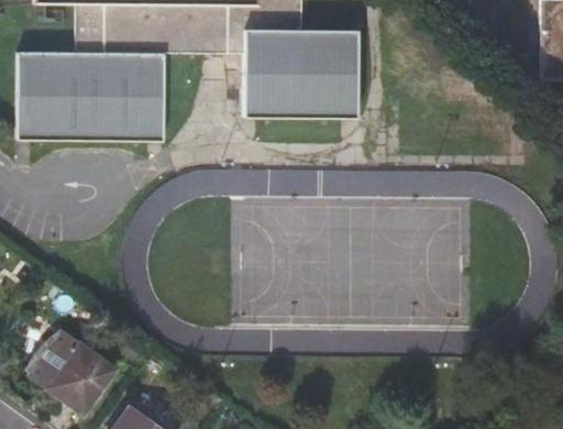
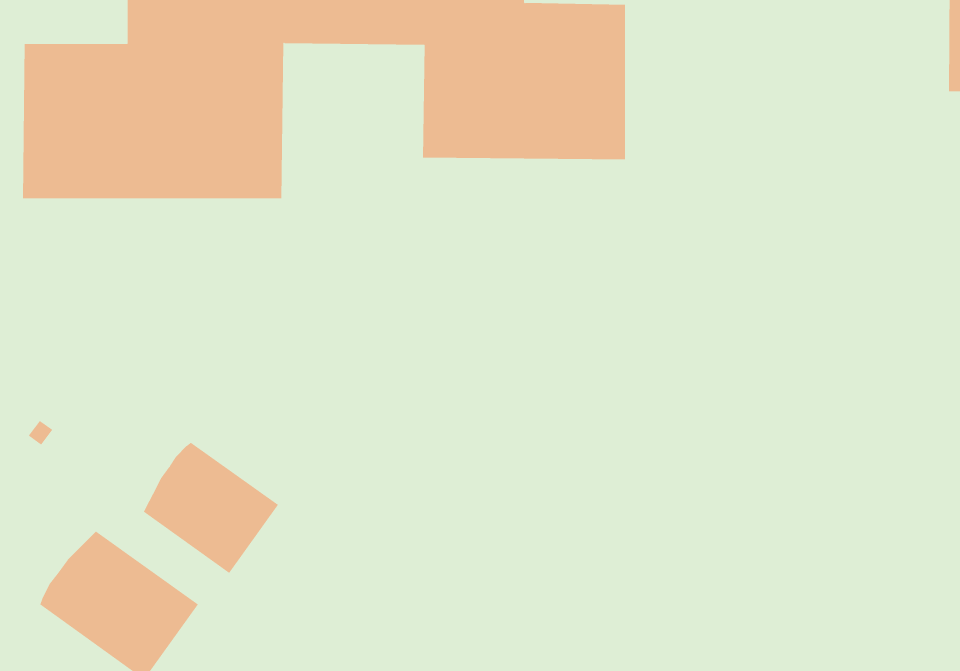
building: none -> [143,442,279,574]

